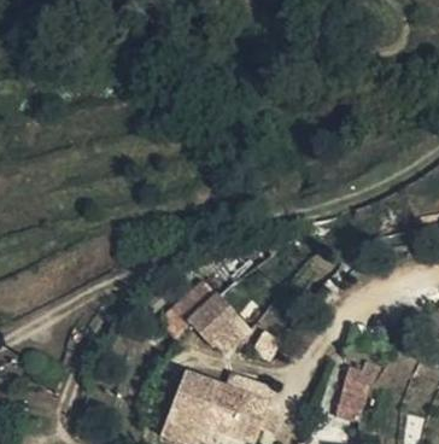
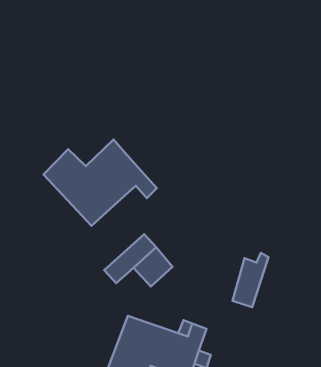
building: none -> [43,140,157,226]
building: [334,361,374,421] -> [233,253,269,307]

